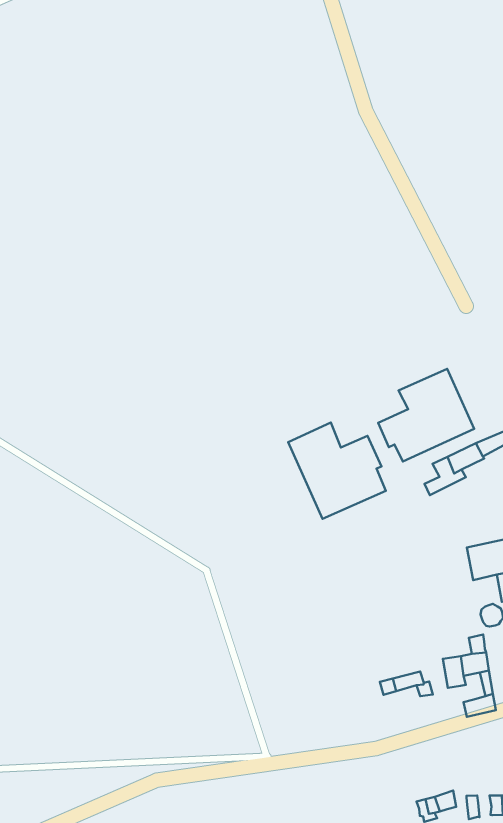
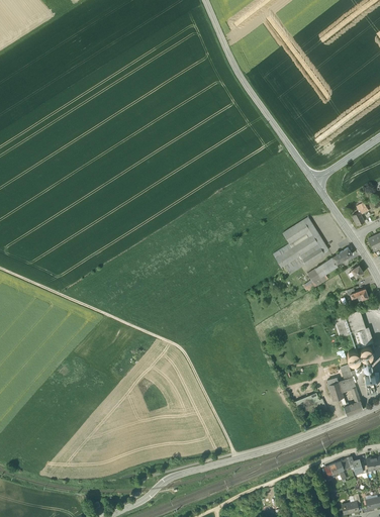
building: [288,422,386,519] -> none

